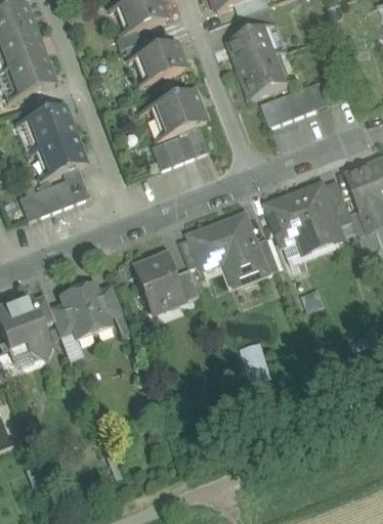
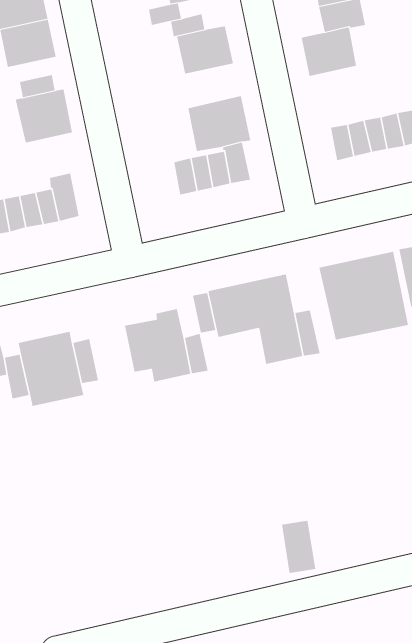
building: [239,54,285,97] -> none
building: [39,135,83,175] -> none
building: [239,339,269,380] -> [281,520,316,573]

